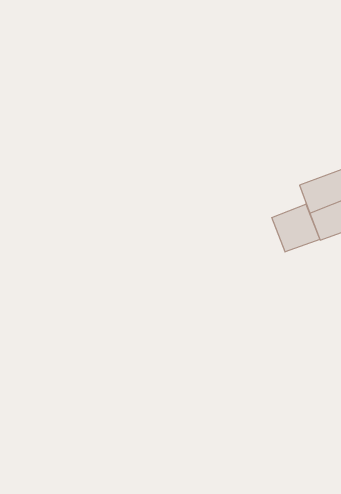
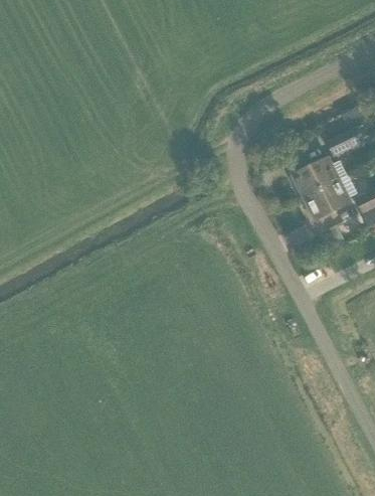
building: [272,204,320,252] -> none

